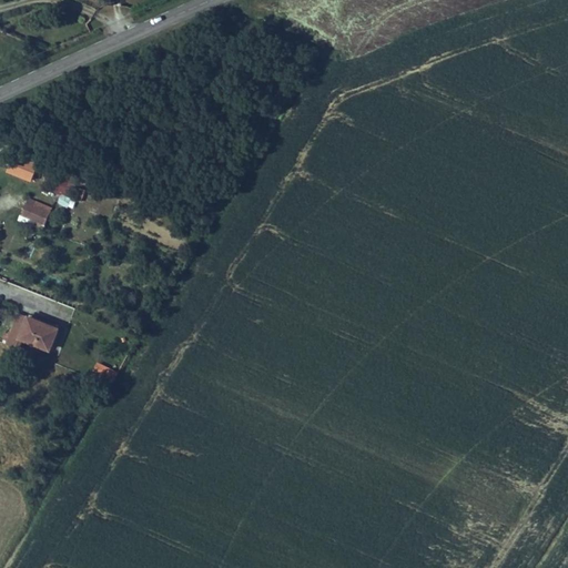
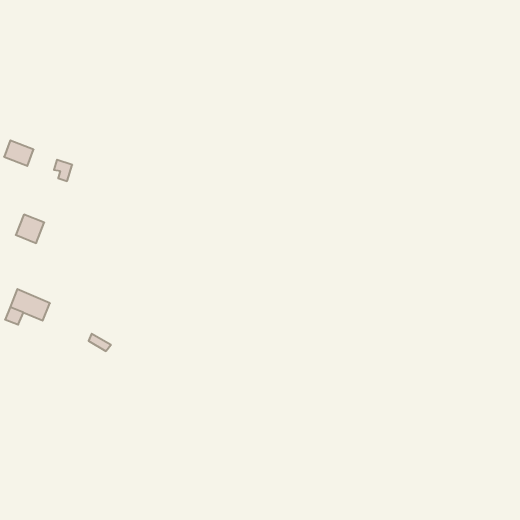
building: [20,199,51,230] -> [16,215,44,243]

